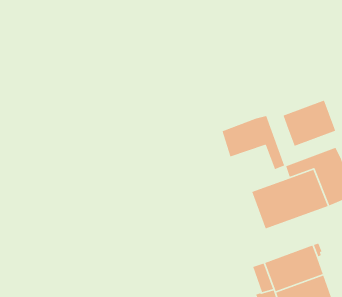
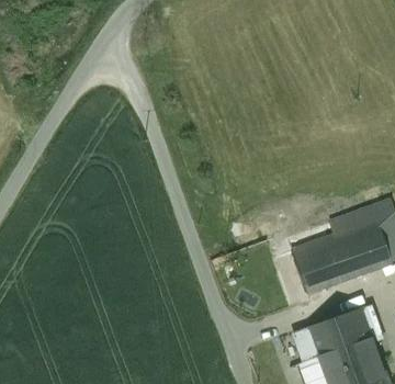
building: [282,100,336,147] -> none
building: [221,115,285,170] -> none

